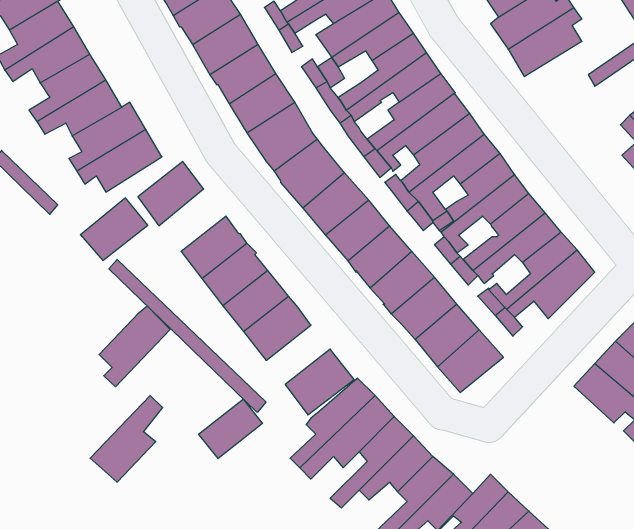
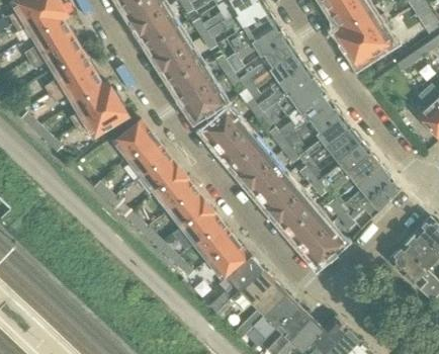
building: [80,198,148,261] -> [125,137,168,176]
building: [99,306,170,387] -> none
building: [90,396,163,482] -> none
building: [199,399,263,458] -> [193,223,234,260]

